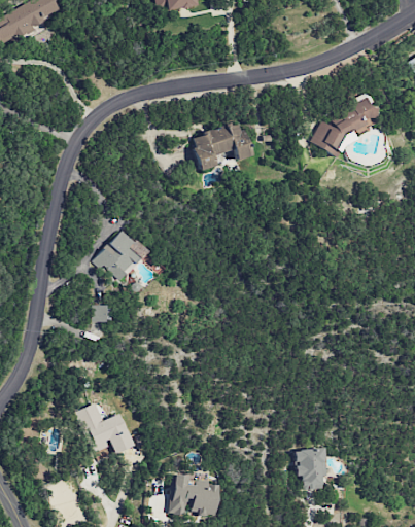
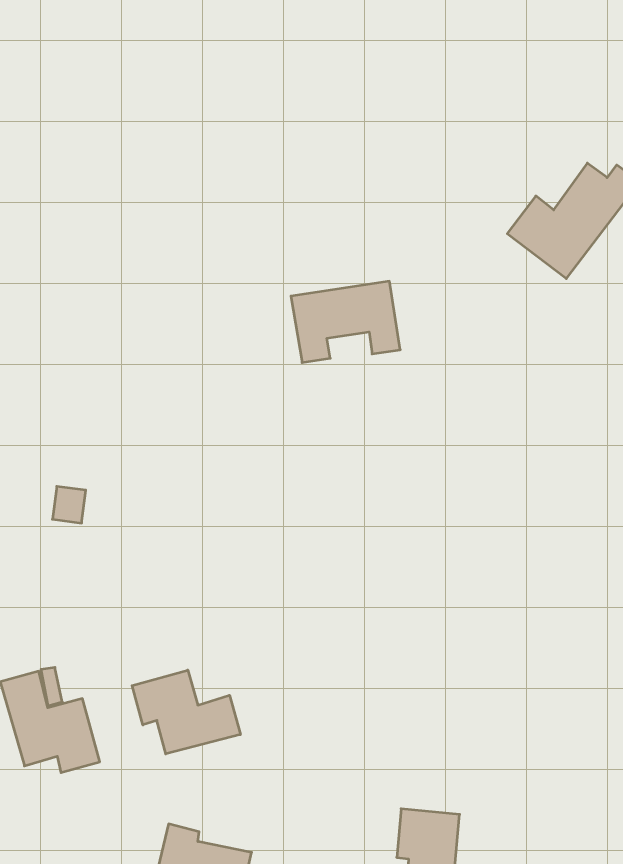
building: [192,121,252,170] -> [291,281,400,363]
building: [95,229,148,283] -> none
building: none -> [132,670,240,754]

